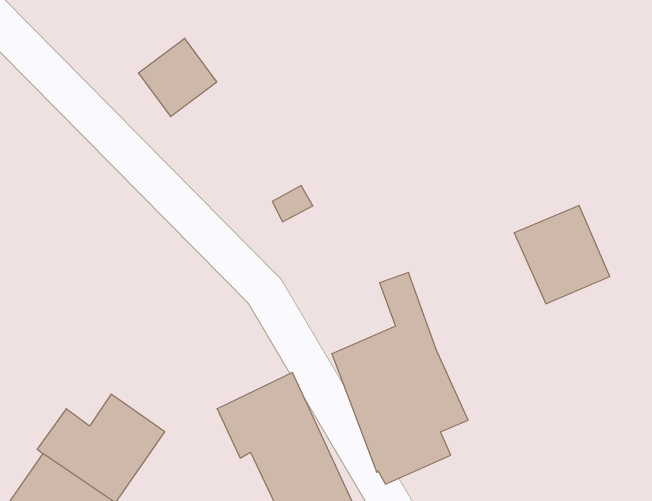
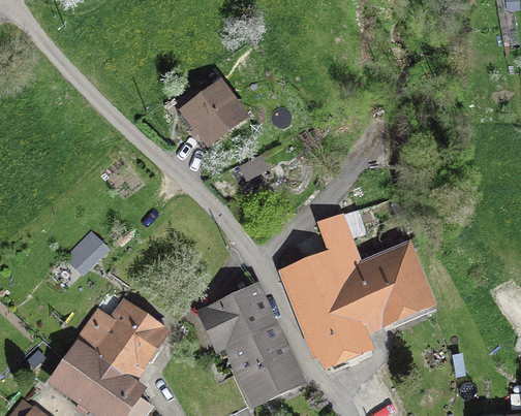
building: [138,38,217,117] -> [185,87,241,142]
building: [514,205,610,304] -> [358,252,426,322]
building: none -> [64,230,110,276]

